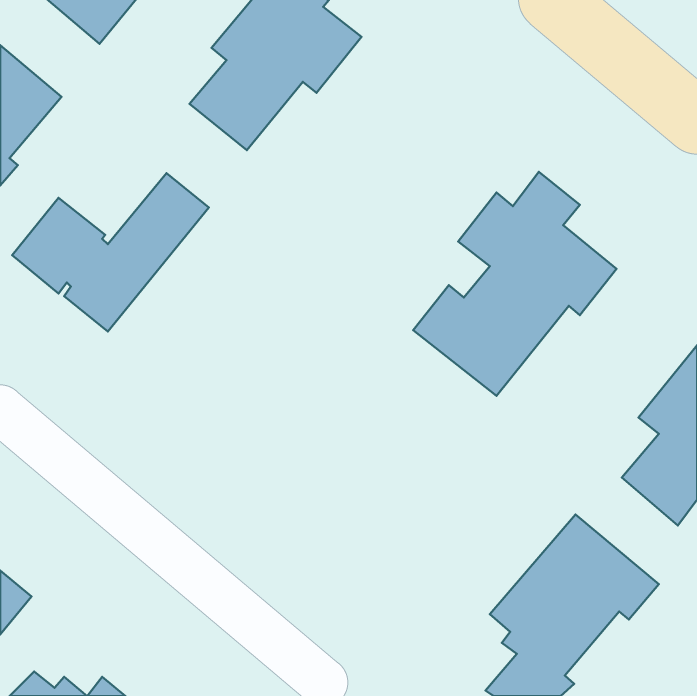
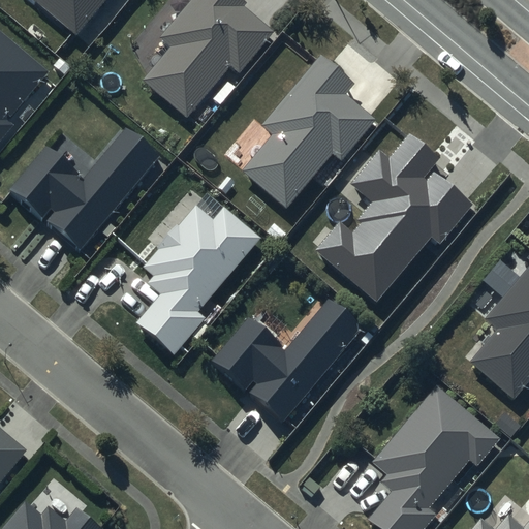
building: none -> [243,55,377,205]
building: none -> [136,208,260,357]
building: none -> [210,295,365,423]

